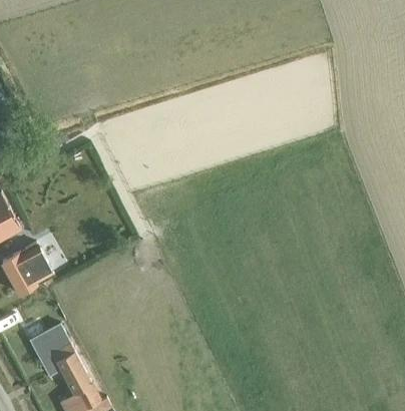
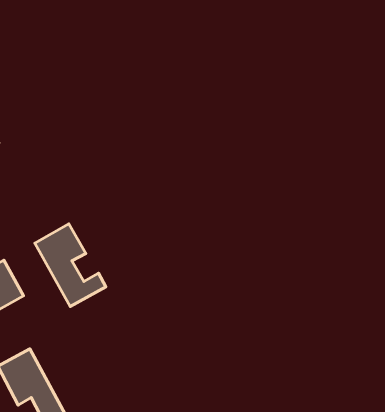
building: none -> [35,224,106,306]

